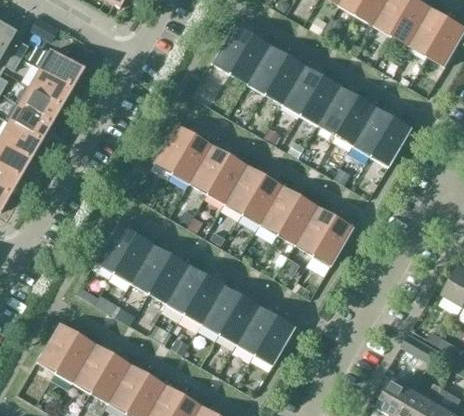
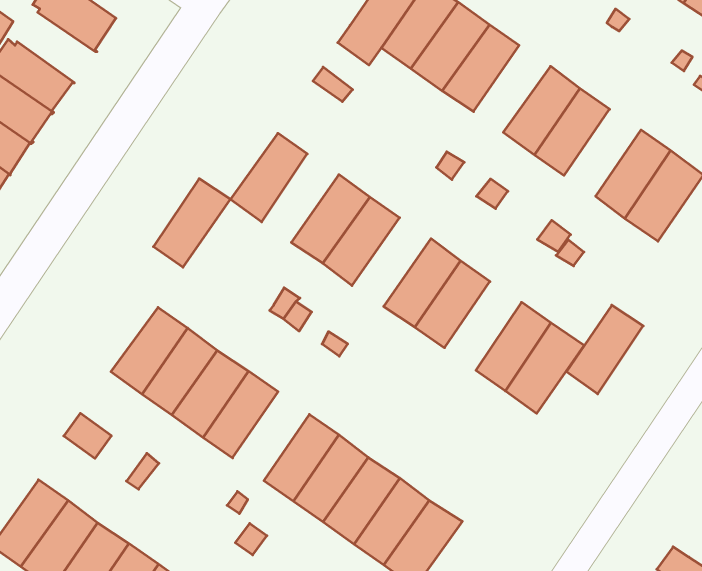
building: [282,66,322,114] -> none
building: [30,68,73,105] -> none
building: [334,97,374,145] -> none
building: [171,134,211,183] -> [153,179,230,267]
building: [223,165,264,214] -> none
building: [276,196,316,245] -> [566,305,643,394]
building: [165,265,205,314] -> none

